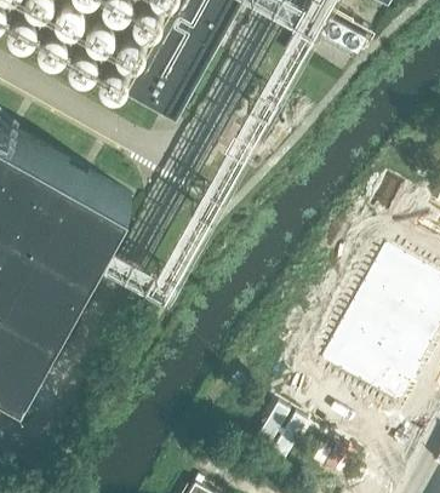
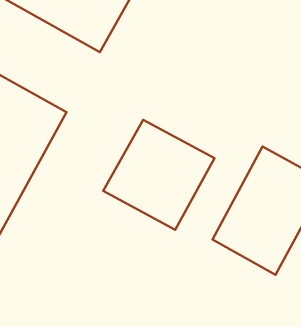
building: none -> [103,120,214,230]

